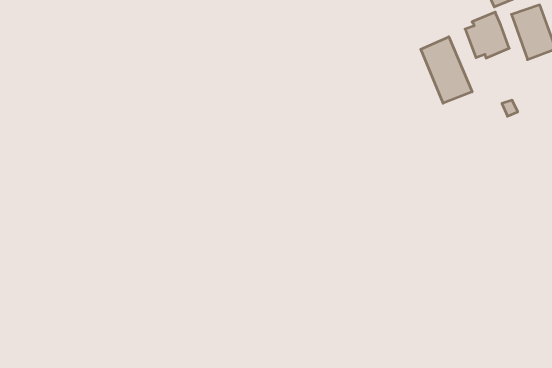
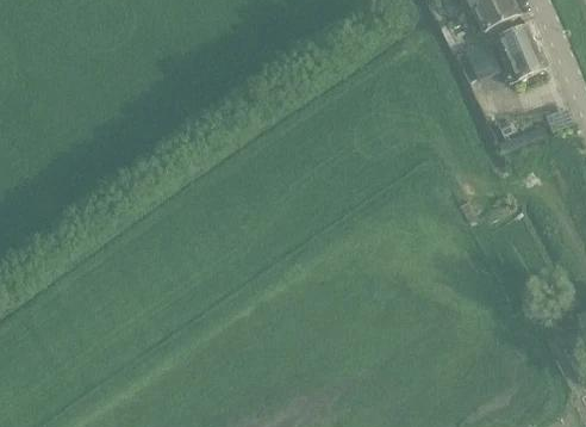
building: [421,37,472,103] -> none

